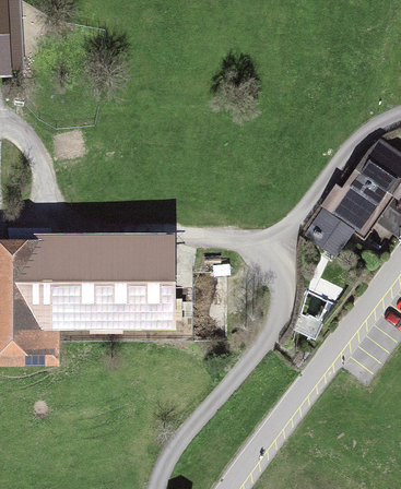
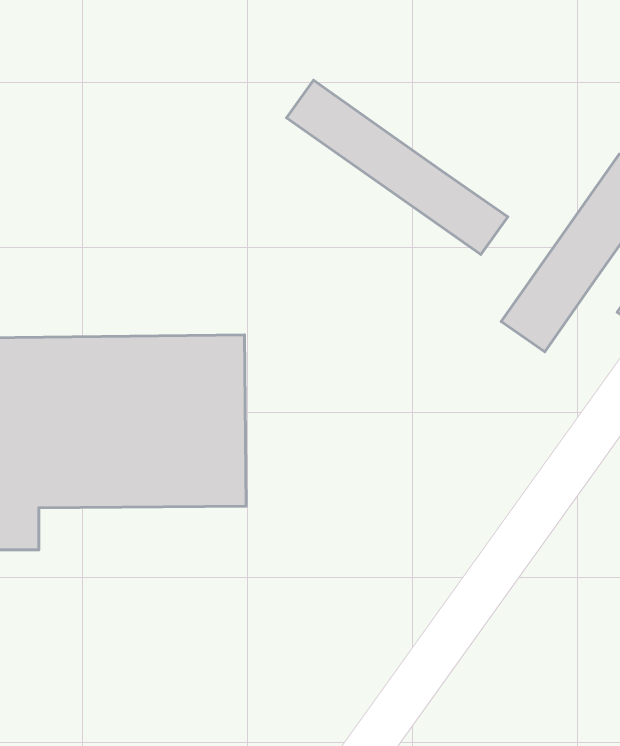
building: none -> [287,80,508,255]

